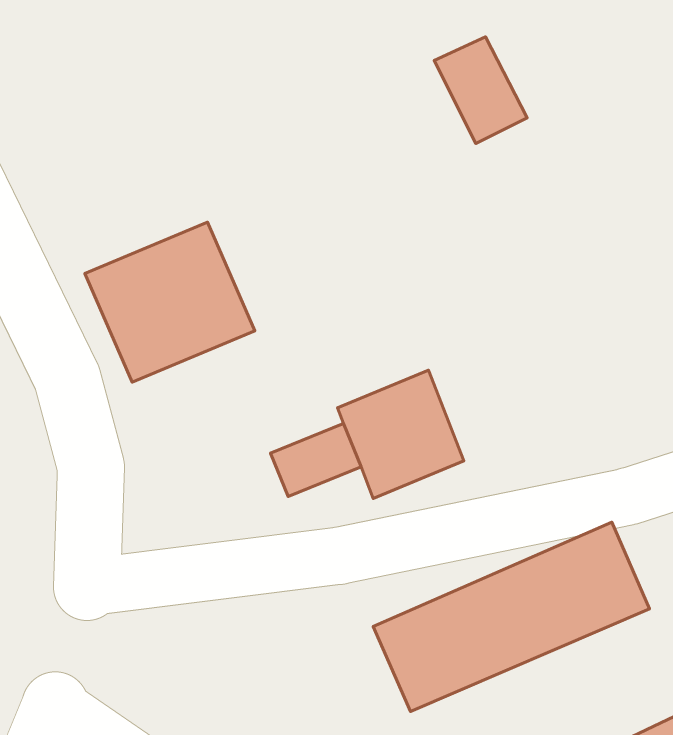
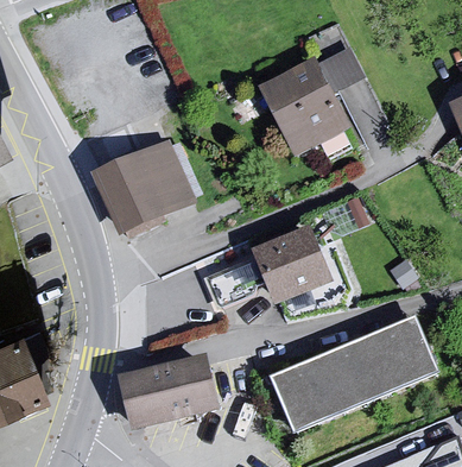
building: none -> [259,63,343,154]
building: none -> [113,354,213,425]

